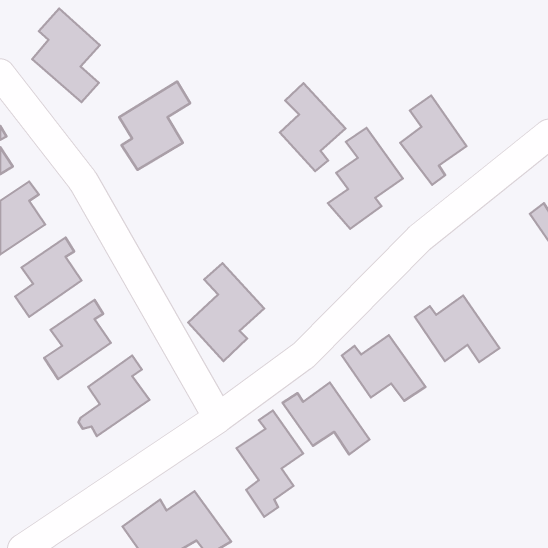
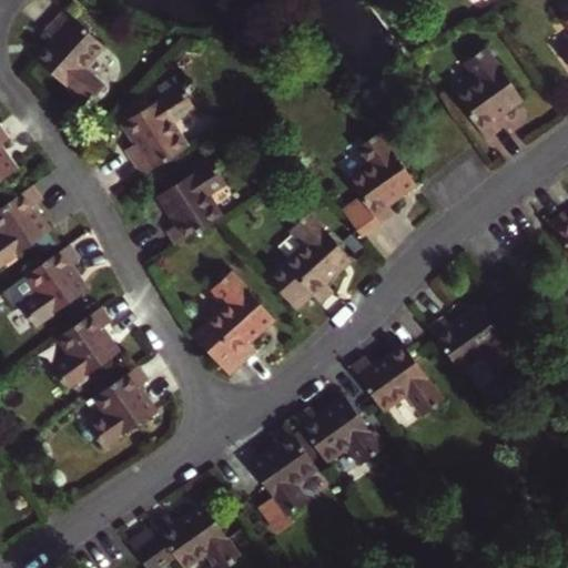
building: [280,83,345,171] -> [284,213,352,304]
building: [400,96,467,185] -> [454,47,523,139]
building: none -> [159,162,227,247]

